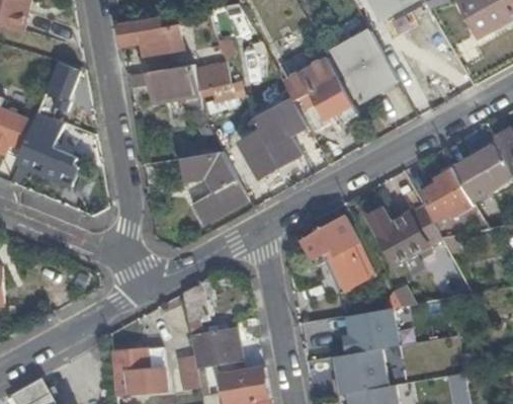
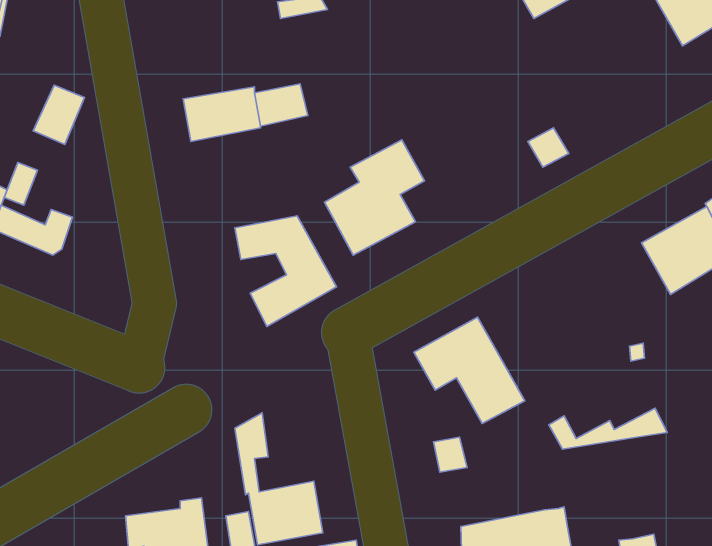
building: [116,17,187,58] -> none
building: [333,30,397,100] -> none
building: [284,59,352,133] -> none
building: [419,165,473,221] -> none
building: [374,207,432,265] -> none
building: [343,308,396,354] -> none

